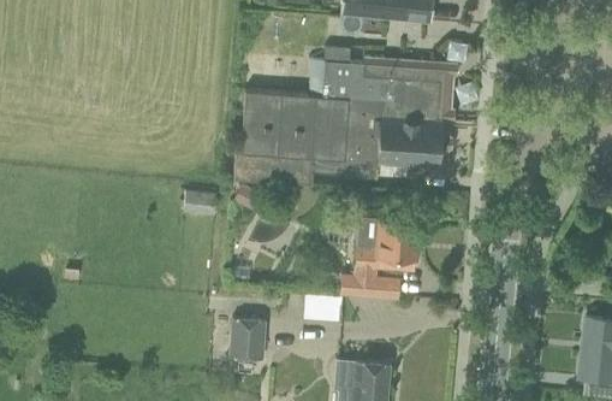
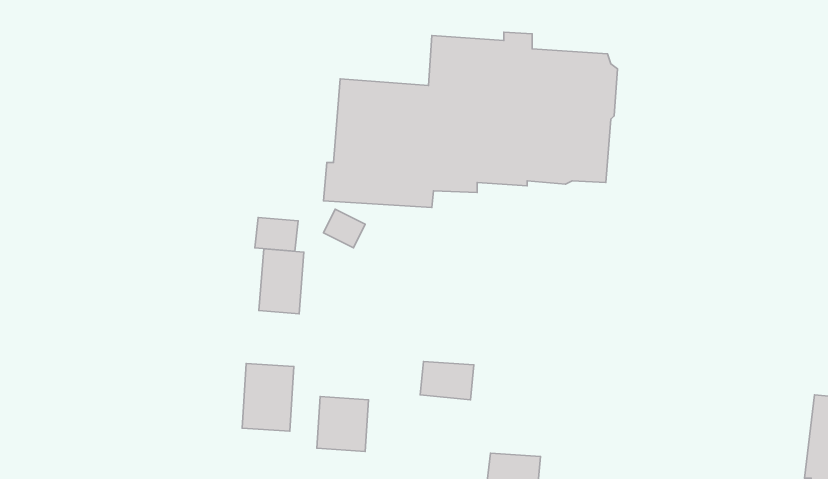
building: none -> [259,249,304,314]
building: [341,217,420,297] -> none
building: none -> [242,364,294,431]

